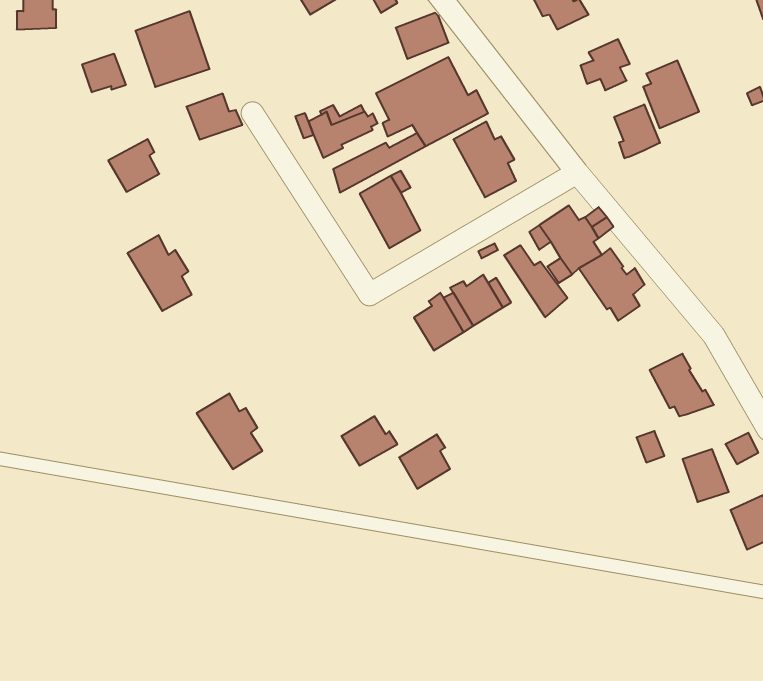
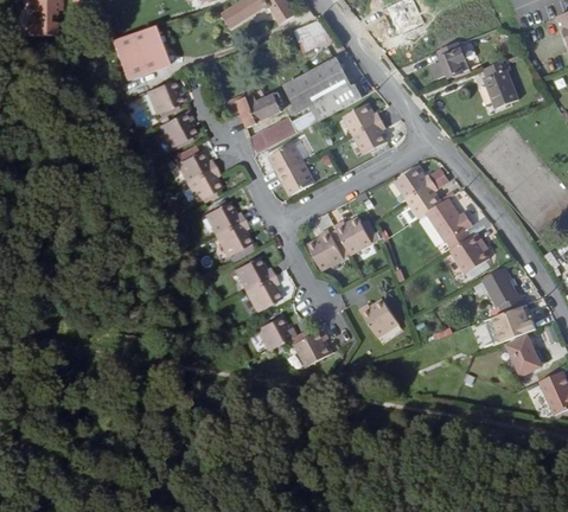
building: [82,54,126,92] -> none
building: [614,104,660,158] -> none
building: [108,139,159,192] -> [159,114,196,152]
building: [127,235,192,311] -> [175,149,222,204]
building: [504,245,567,317] -> none
building: none -> [208,205,254,260]
building: none -> [455,231,493,271]
building: none -> [360,297,400,333]
building: [197,393,262,469] -> [236,257,283,312]
building: none -> [491,308,536,344]

